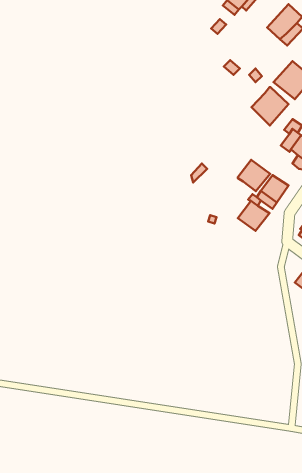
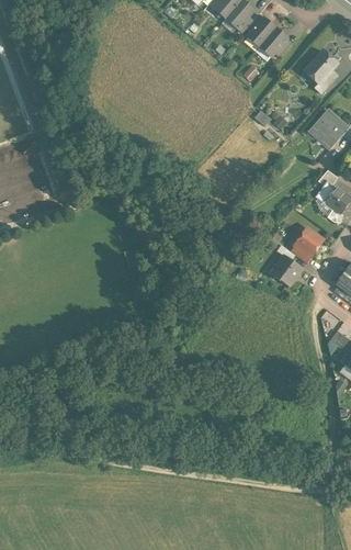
building: [252,87,289,125] -> none
building: [238,160,270,191] -> none

